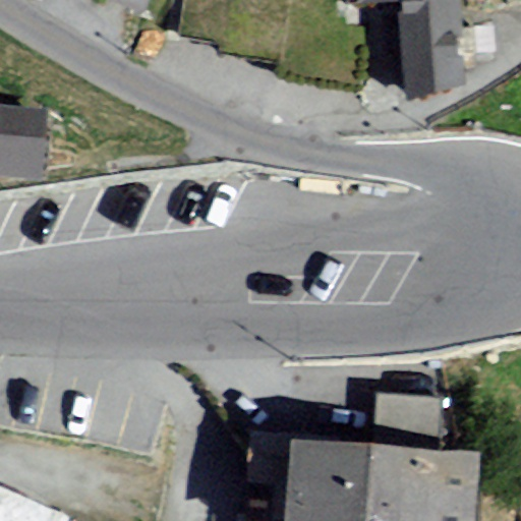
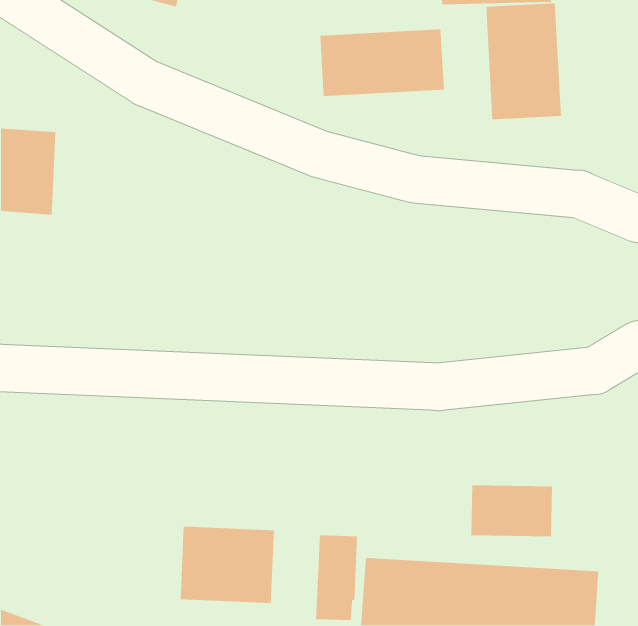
building: none -> [319,28,445,97]
building: none -> [180,526,275,604]

